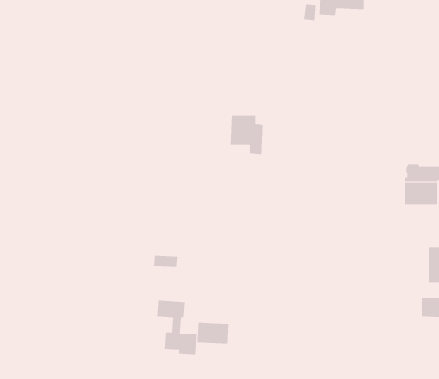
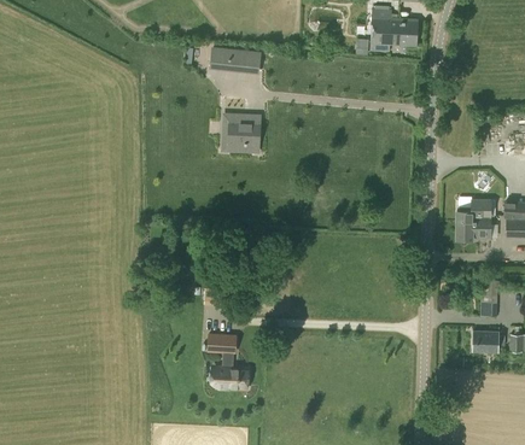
building: none -> [209,47,261,75]
building: [230,115,263,155] -> [227,115,261,154]
building: [197,322,229,345] -> none

